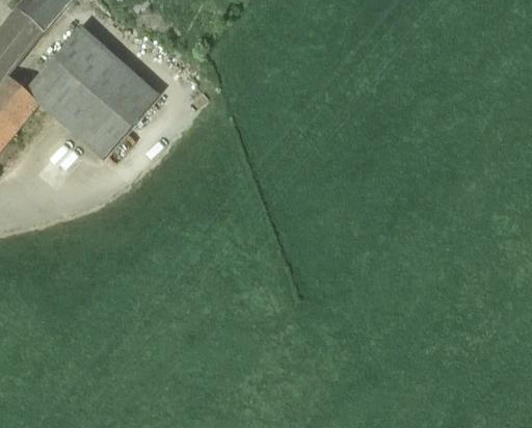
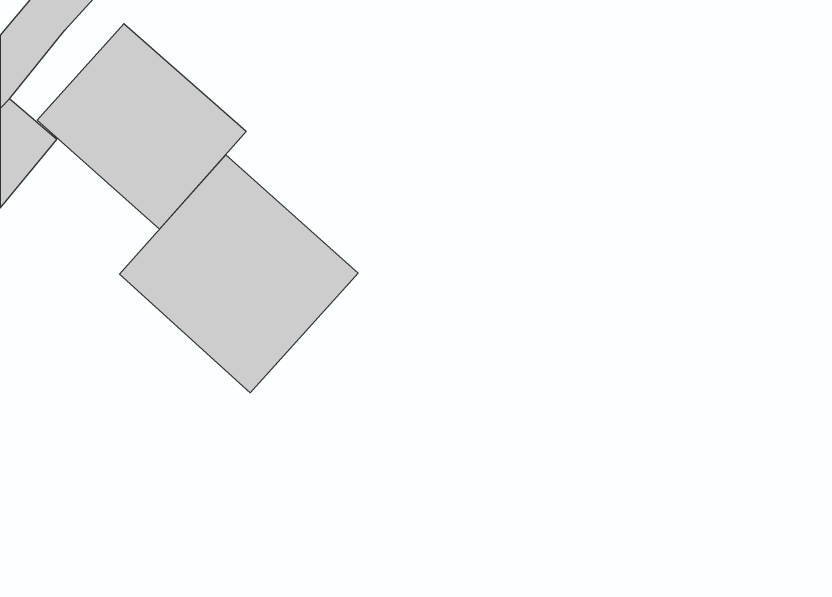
building: none -> [120,155,358,393]

